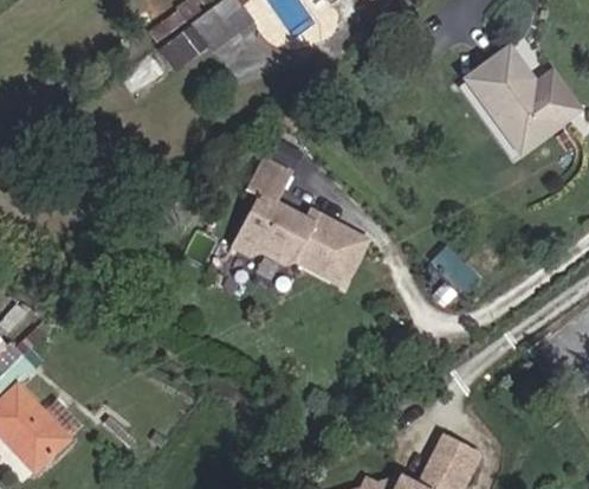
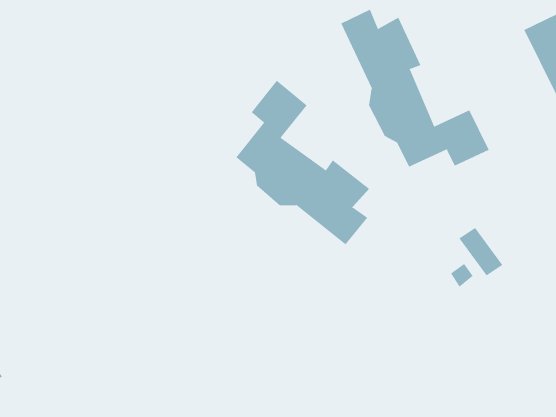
building: none -> [341,9,490,168]

